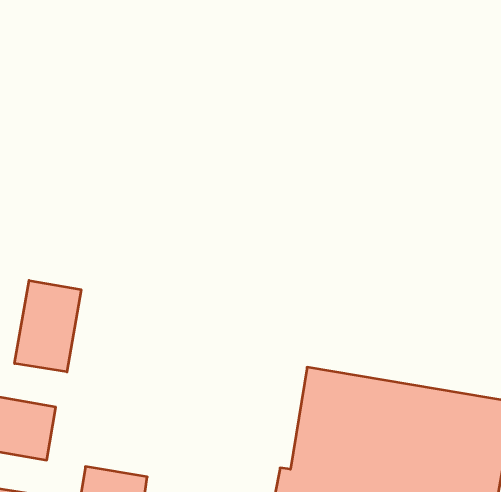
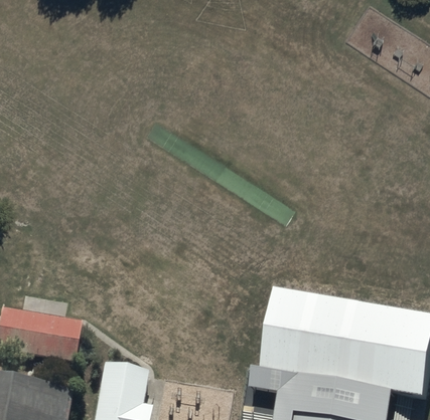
building: [15,280,81,372] -> none

